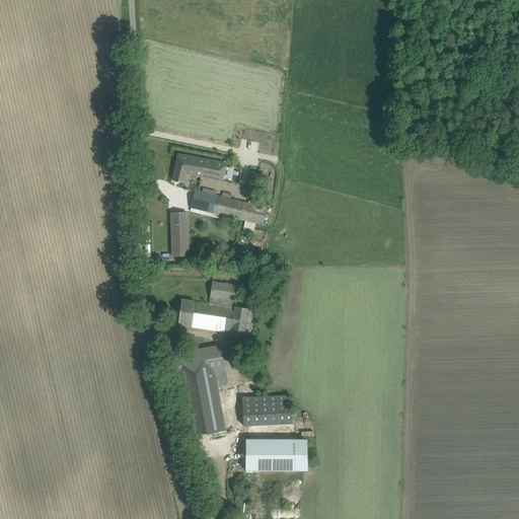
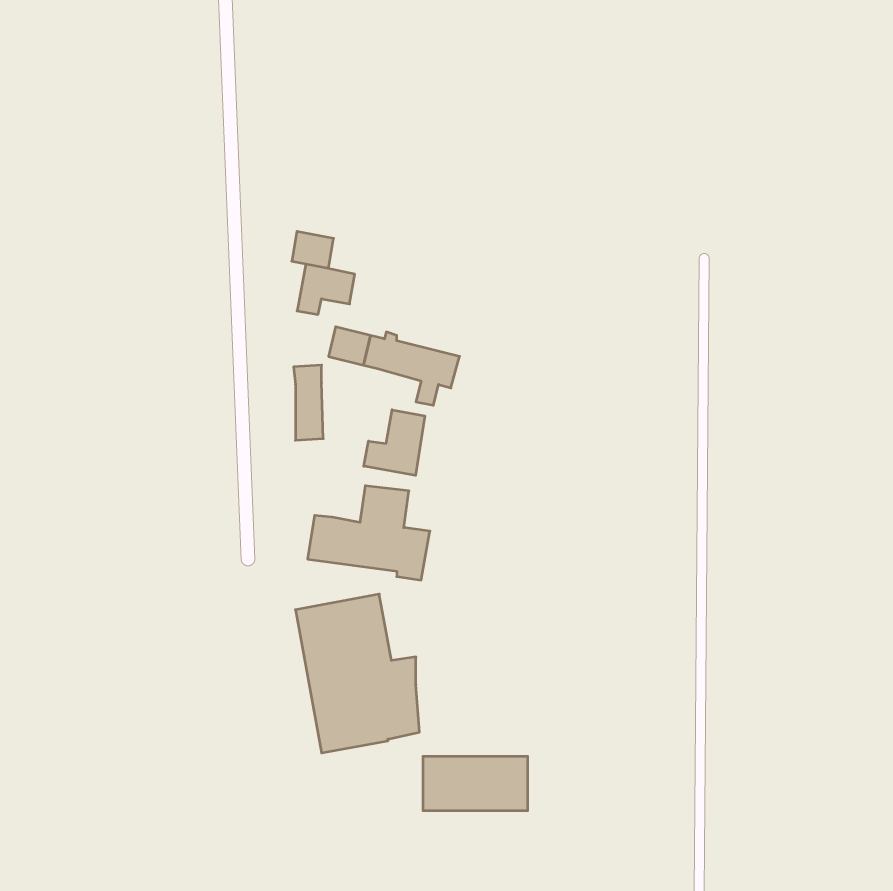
building: [203,159,227,180] -> [292,231,334,268]
building: none -> [364,410,425,475]
building: [241,395,292,425] -> none

